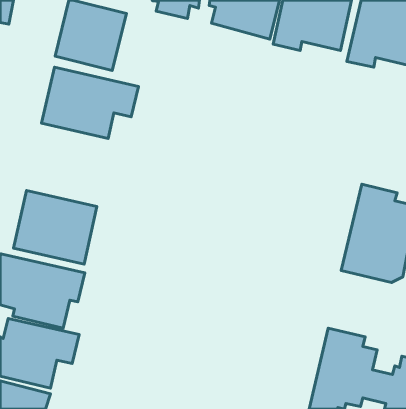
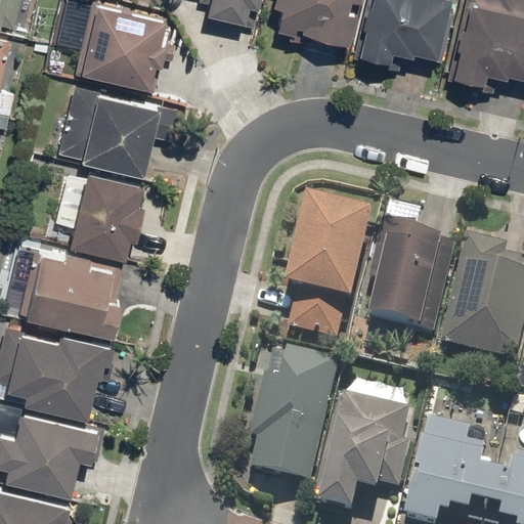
building: none -> [55,169,142,261]
building: none -> [280,203,368,344]
building: none -> [363,222,456,341]
building: none -> [250,346,340,487]
building: none -> [314,395,419,518]

